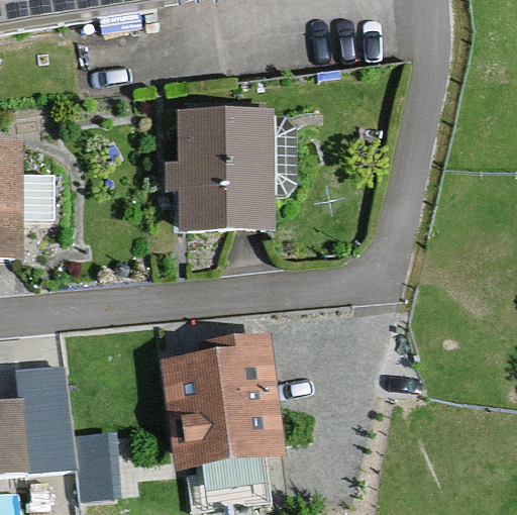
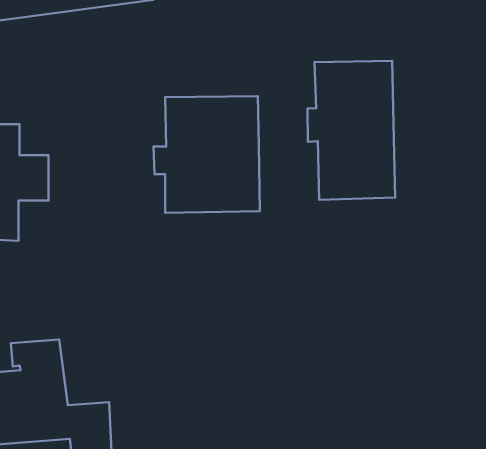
building: none -> [307,61,395,200]
building: [159,332,287,473] -> none

